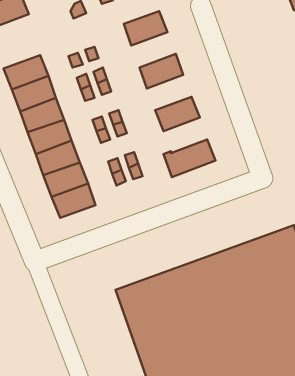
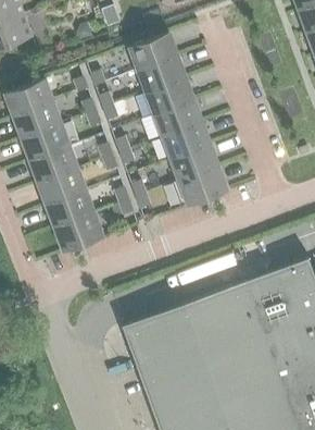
building: none -> [139,57,186,94]
building: none -> [155,101,202,138]
building: none -> [173,146,218,183]

